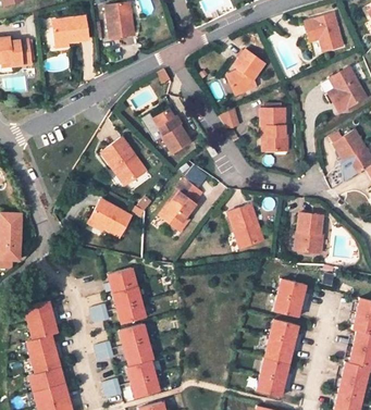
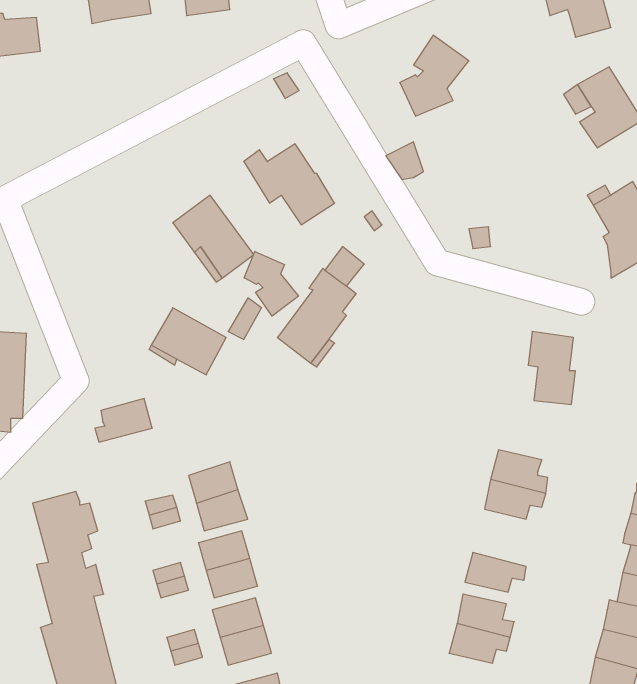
building: [262,109,288,151] -> none
building: none -> [244,251,298,316]
building: [230,206,263,248] -> none
building: [102,266,134,290] -> [95,399,152,442]
building: [268,319,299,343] -> none

